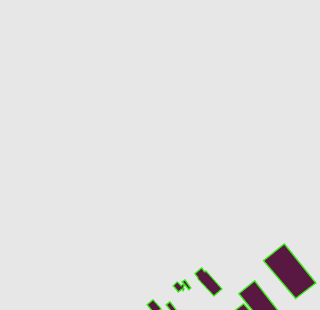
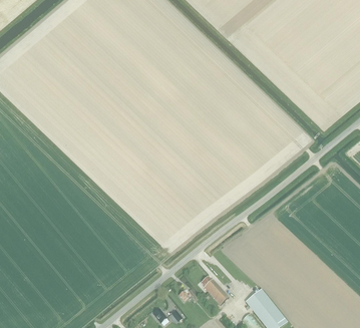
building: [264,244,316,299] -> none

